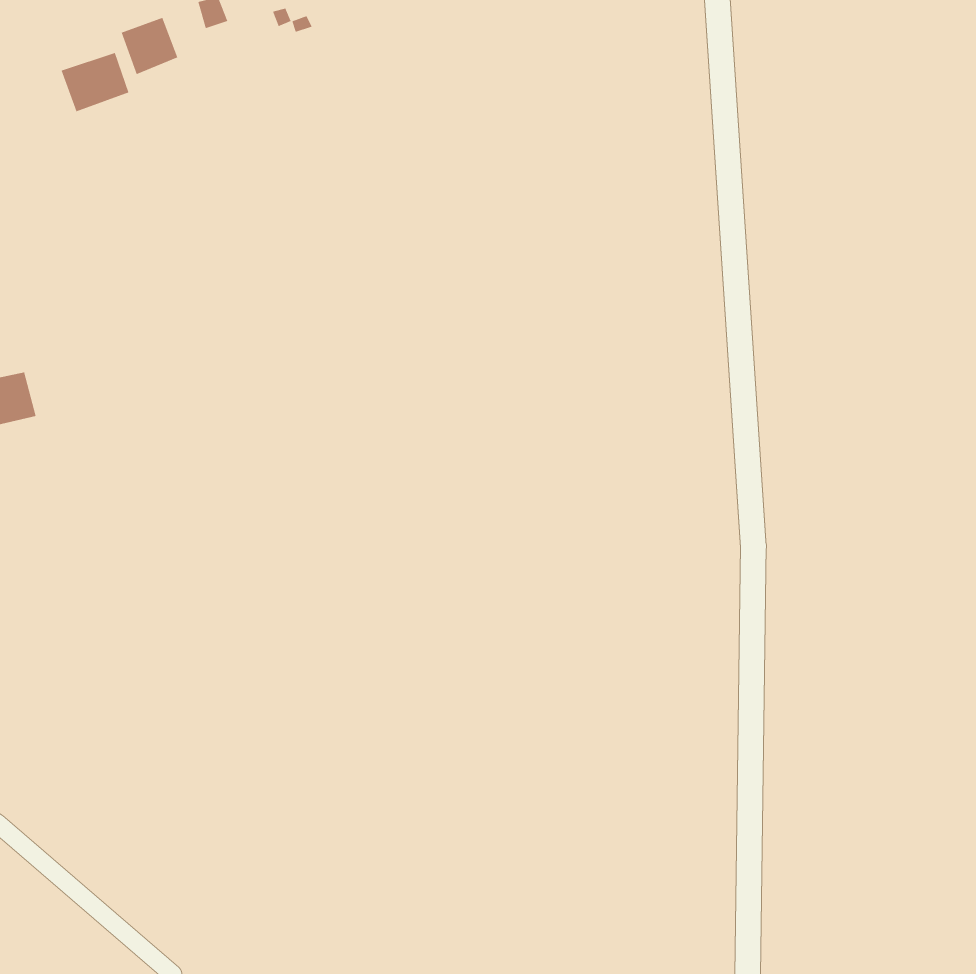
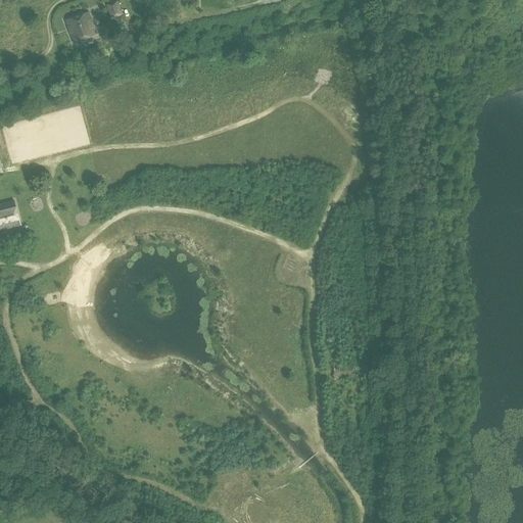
building: [61,52,129,112] -> none

